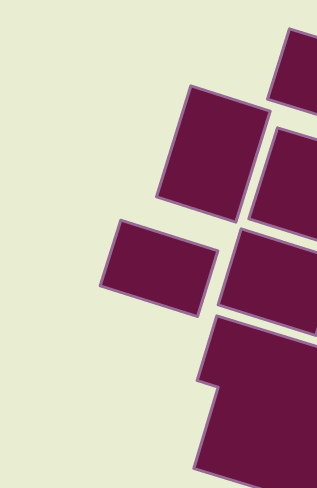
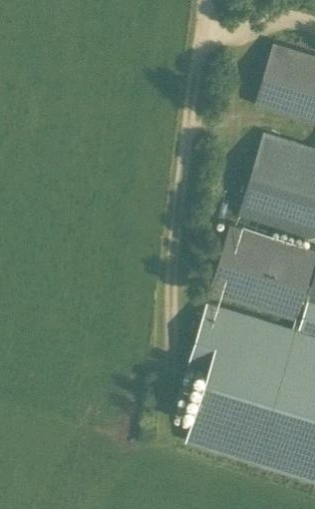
building: [156,86,270,222] -> none
building: [100,220,218,317] -> none

